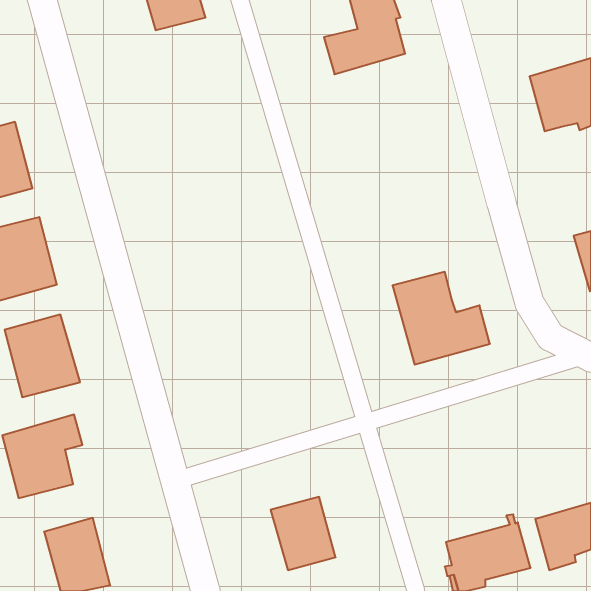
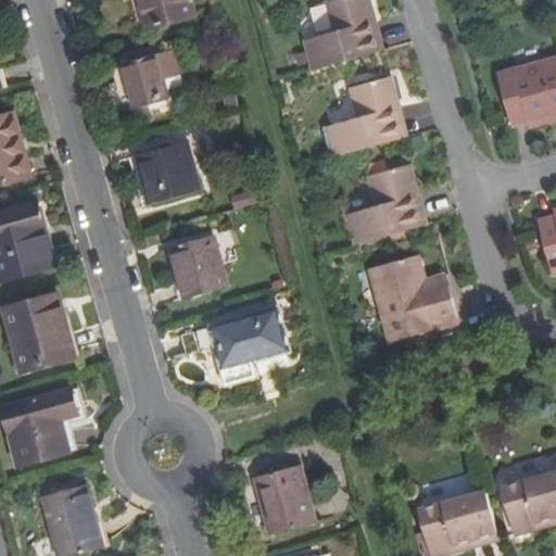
building: none -> [121,53,167,108]
building: none -> [327,75,404,155]
building: none -> [134,141,200,205]
building: none -> [345,164,422,243]
building: none -> [168,236,226,299]
building: none -> [208,306,289,382]

